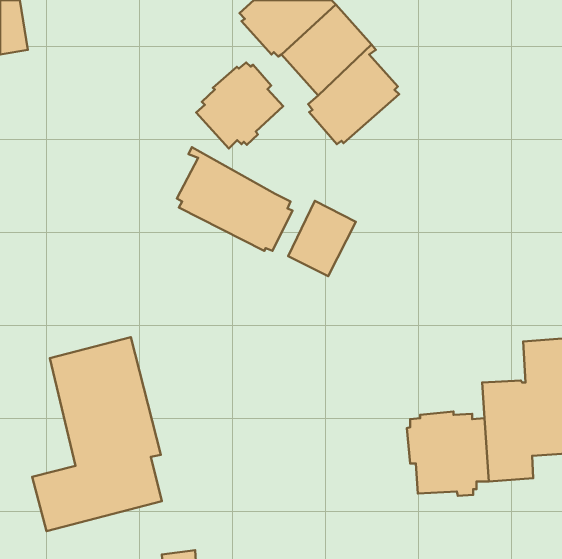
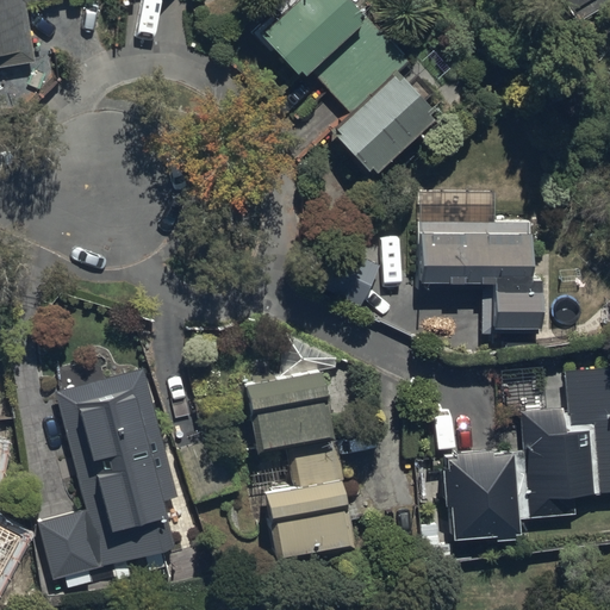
building: [196,62,283,148] -> none
building: [177,147,292,251] -> none
building: none -> [415,223,539,338]
building: none -> [242,371,349,549]

